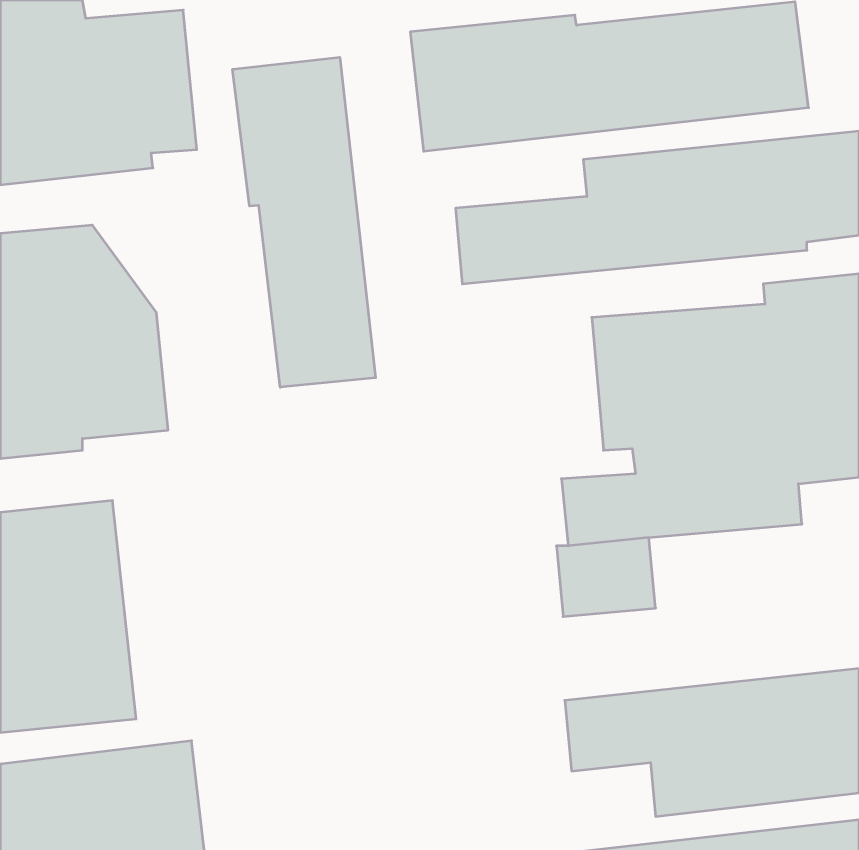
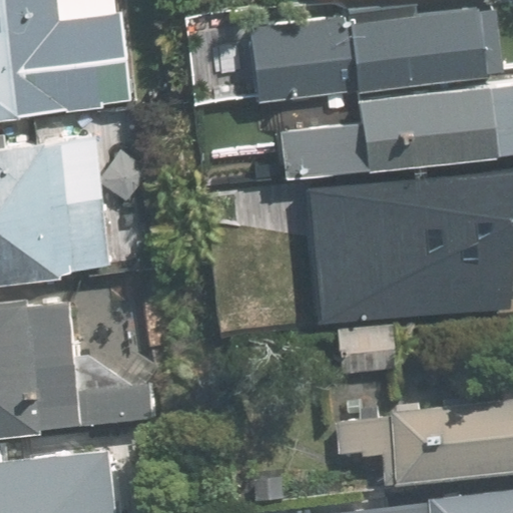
building: [233,57,376,387] -> none

